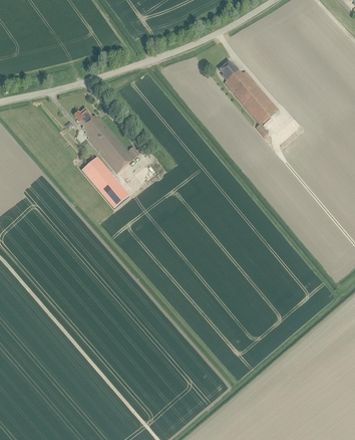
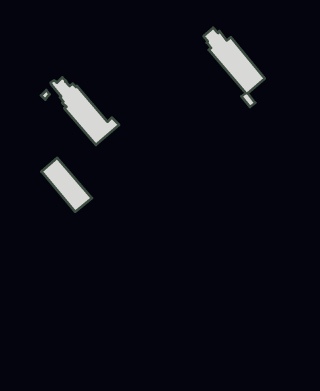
building: [82,157,130,208] -> [41,158,92,212]

